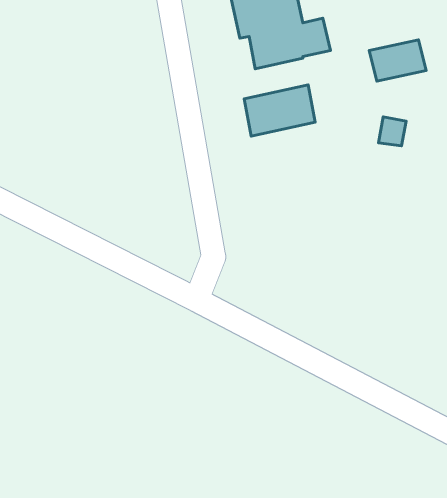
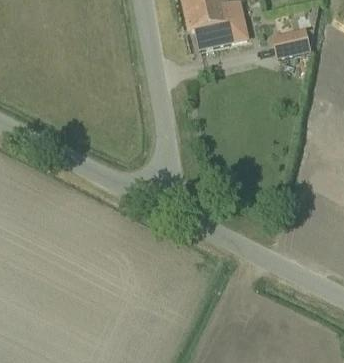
building: [244,85,315,136] -> none

